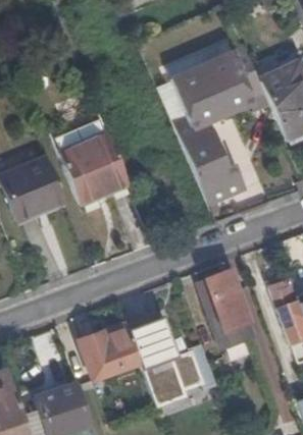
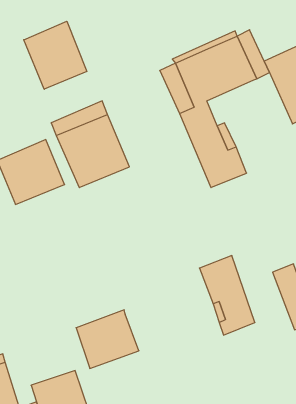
building: none -> [24,21,87,89]
building: [127,315,215,404] -> none

